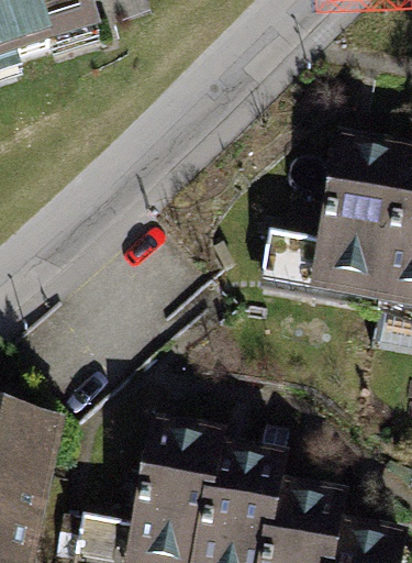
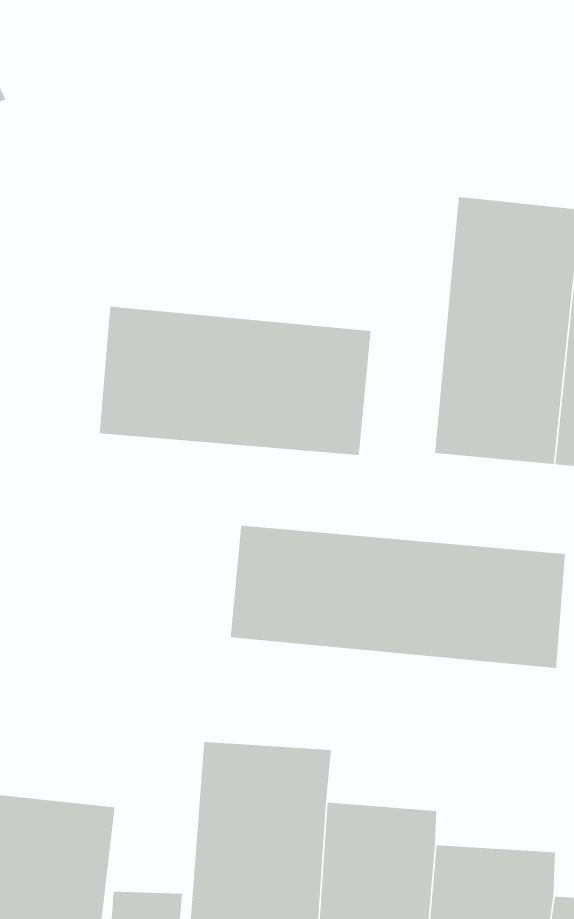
building: none -> [99,306,371,456]
building: none -> [230,525,566,669]

